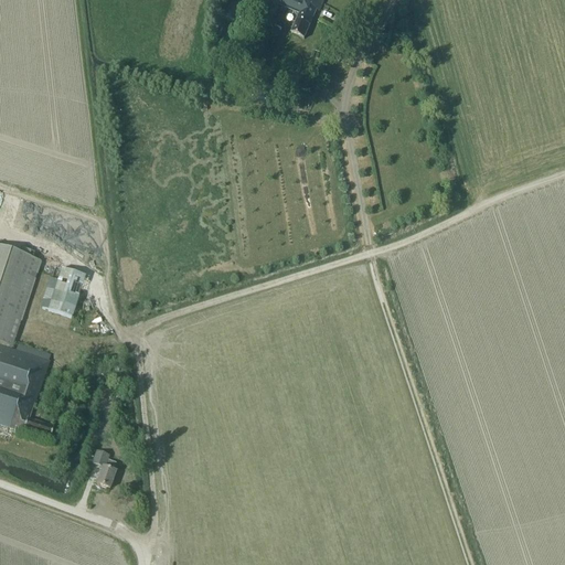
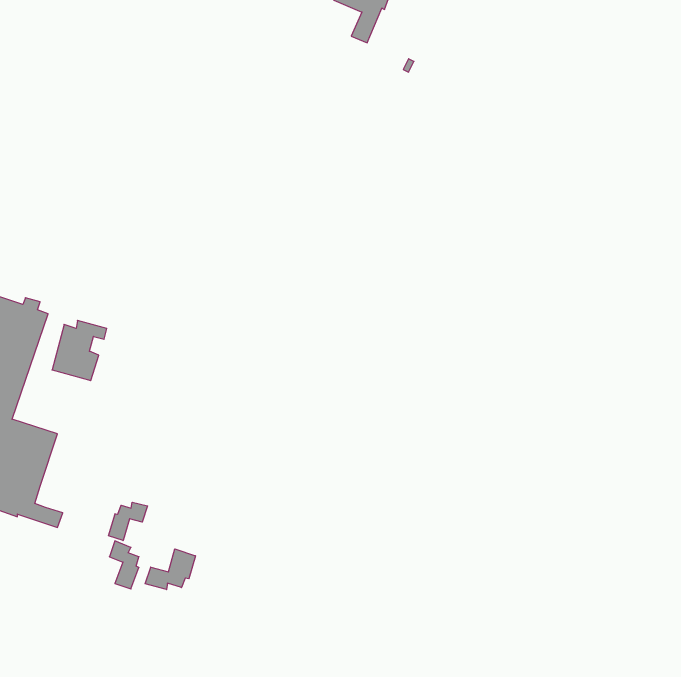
building: none -> [109,502,148,541]
building: none -> [145,549,195,590]

